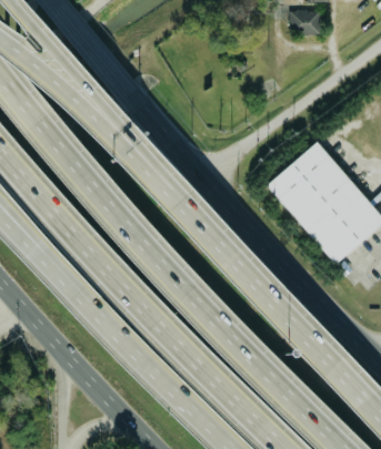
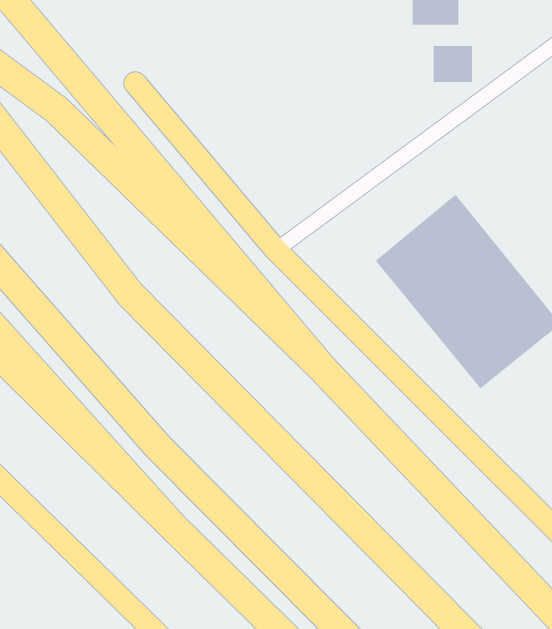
building: none -> [433,45,473,83]

